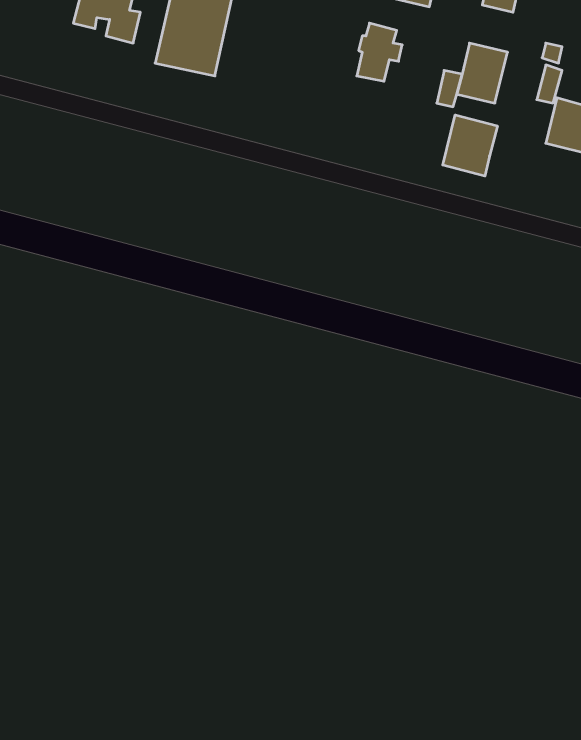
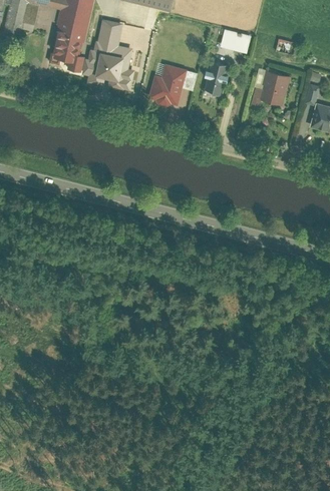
building: none -> [149,62,185,105]
building: [443,115,497,176] -> none

